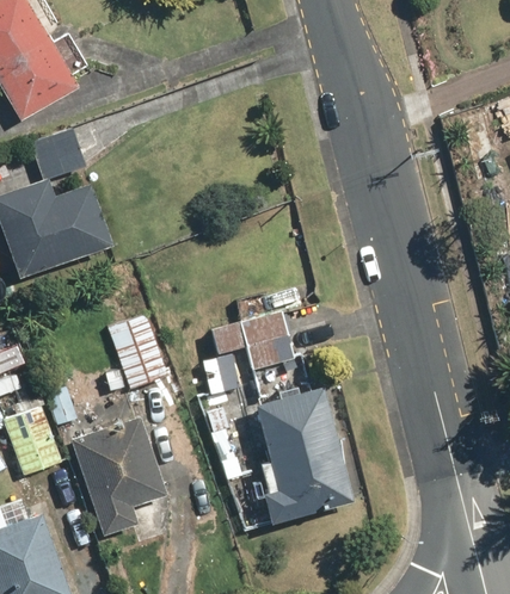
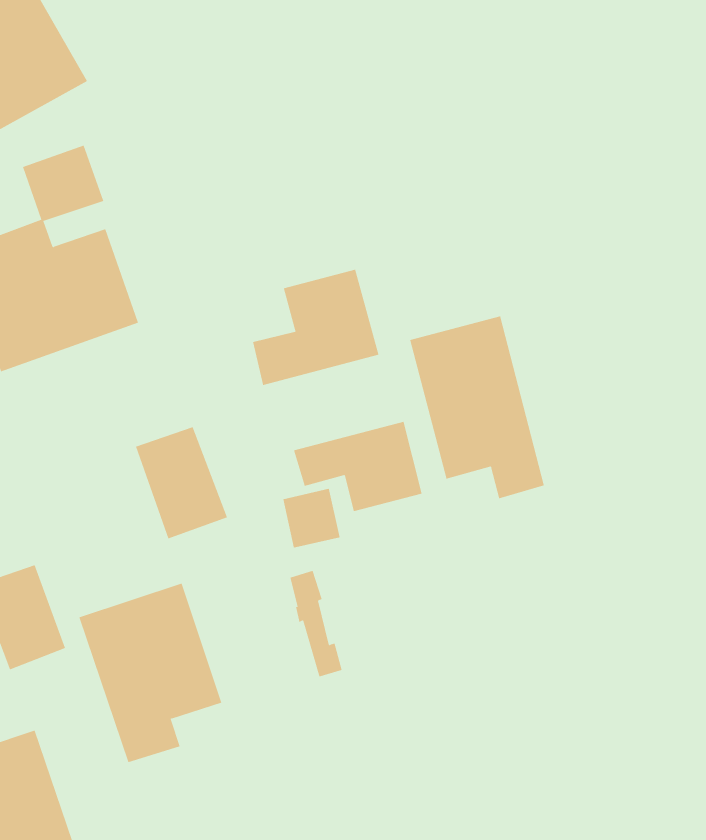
building: none -> [253,269,379,386]
building: none -> [409,316,545,499]
building: [254,388,355,525] -> none

